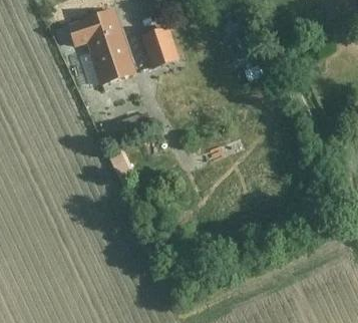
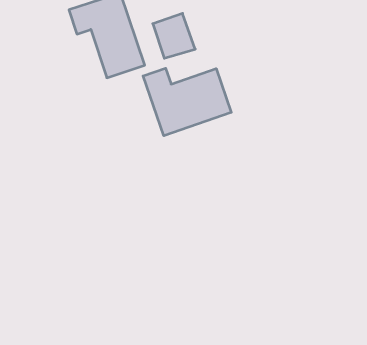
building: none -> [143,68,231,136]

